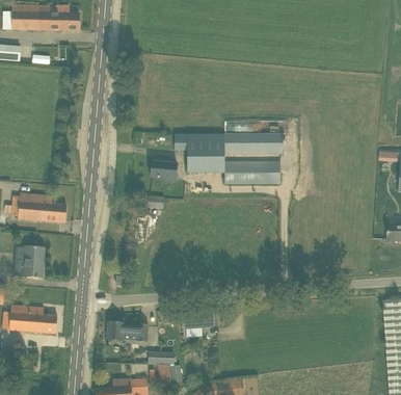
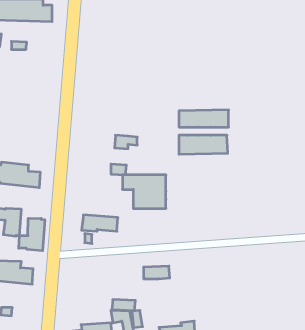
building: [176,134,225,173] -> [122,175,166,208]
building: none -> [19,218,45,251]
building: [107,322,149,341] -> [82,215,118,231]

